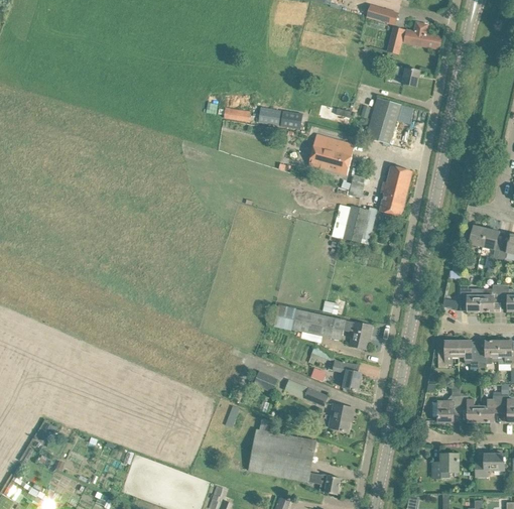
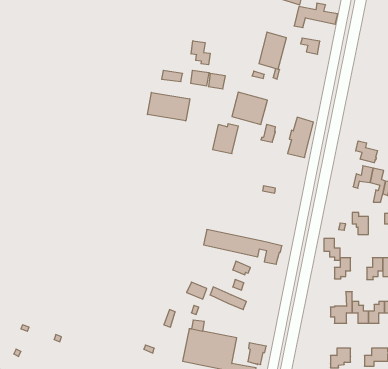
building: none -> [191,41,210,65]
building: [366,97,400,143] -> [259,32,286,69]
building: none -> [147,92,190,121]
building: none -> [356,141,377,163]
building: [344,206,376,243] -> [213,124,238,154]
building: [480,285,500,311] -> none
building: [458,341,478,368] -> [324,238,340,260]
building: [333,359,361,390] -> none
building: [331,404,354,431] -> [248,343,266,365]

